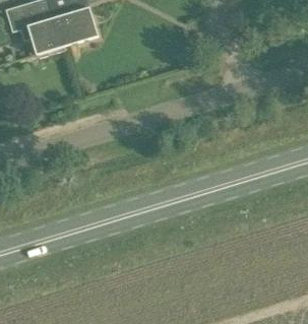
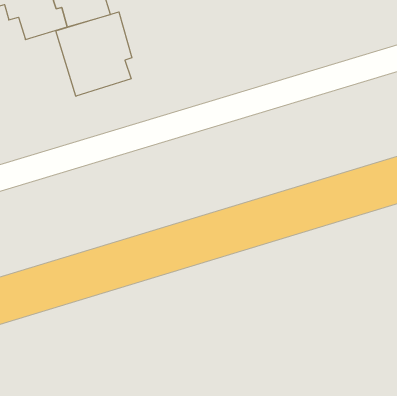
building: none -> [56,12,132,96]

